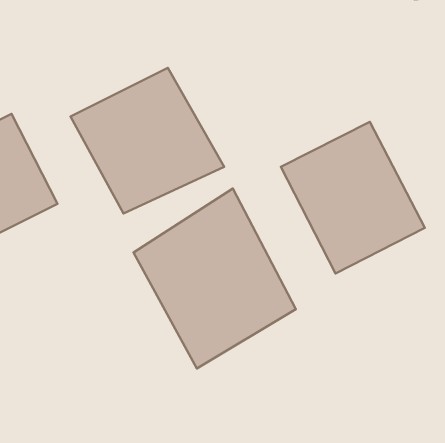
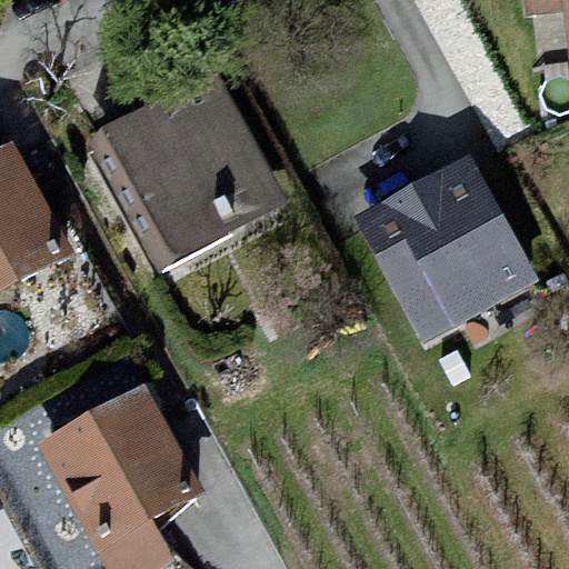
building: [133,188,296,368] -> none
building: none -> [38,382,204,551]

